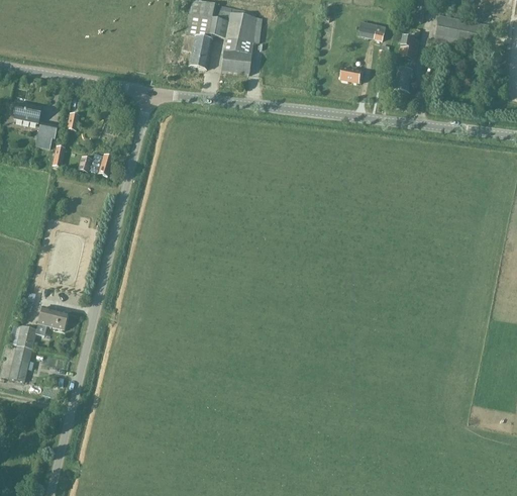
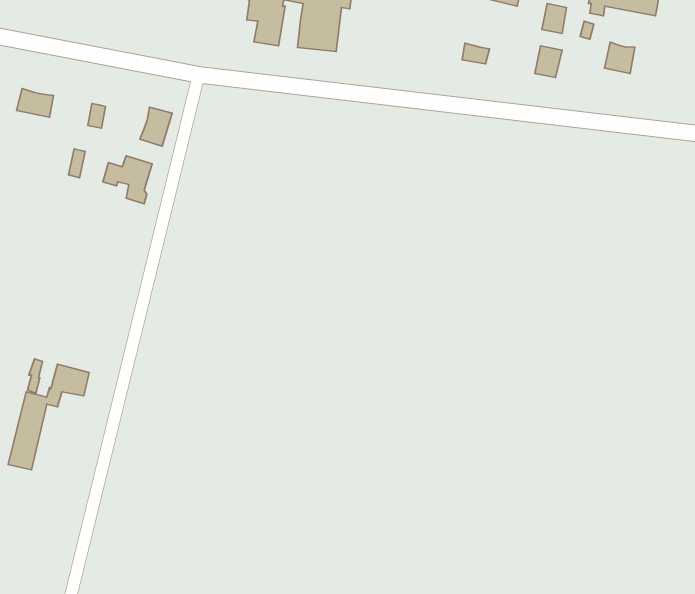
building: none -> [604,42,635,74]
building: none -> [140,107,172,146]
building: [35,120,58,148] -> none

